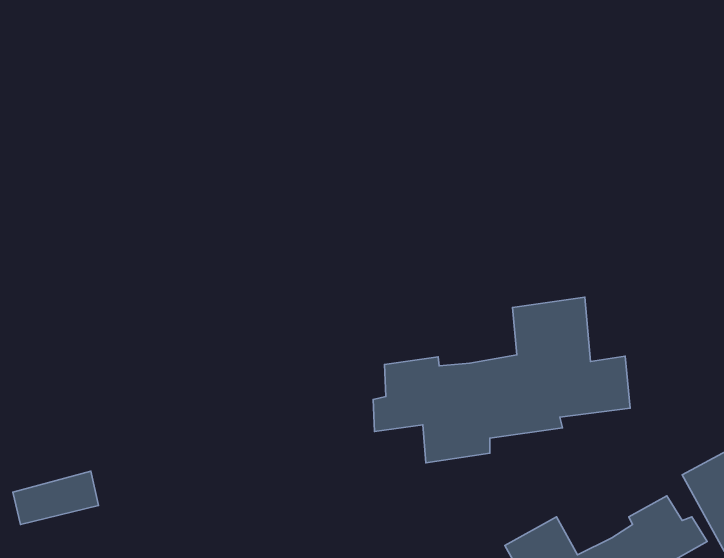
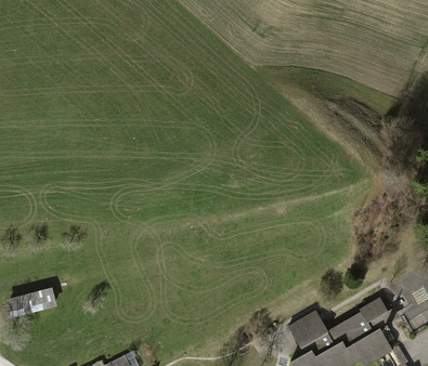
building: [373,297,630,463] -> none

